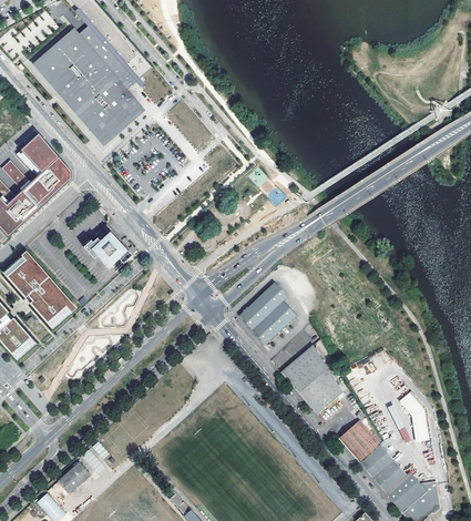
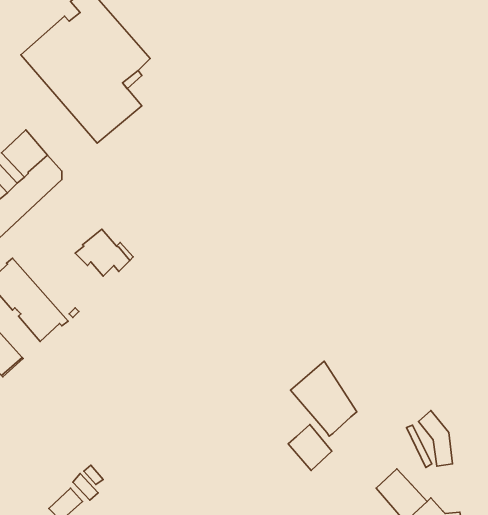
building: [238,282,297,344] -> none
building: [338,419,378,461] -> [288,424,332,470]

